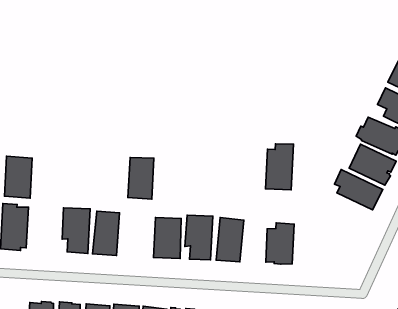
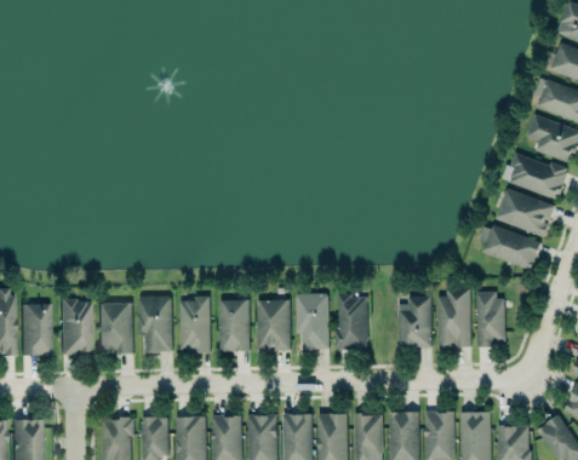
building: [266,144,294,190] -> [436,288,470,347]
building: [4,156,32,198] -> [98,303,132,353]
building: [128,157,154,199] -> [217,299,248,351]
building: none -> [475,291,505,347]

